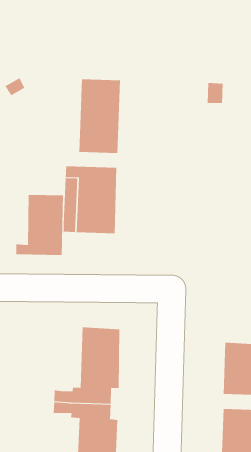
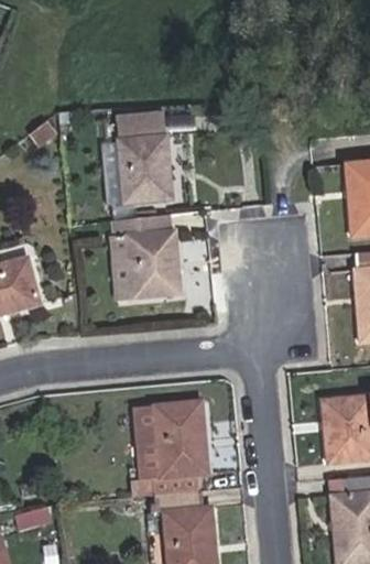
building: [16,194,64,256] -> none
building: none -> [131,405,160,482]

